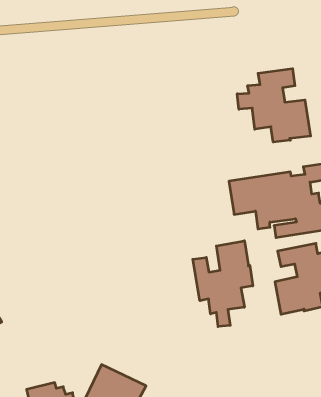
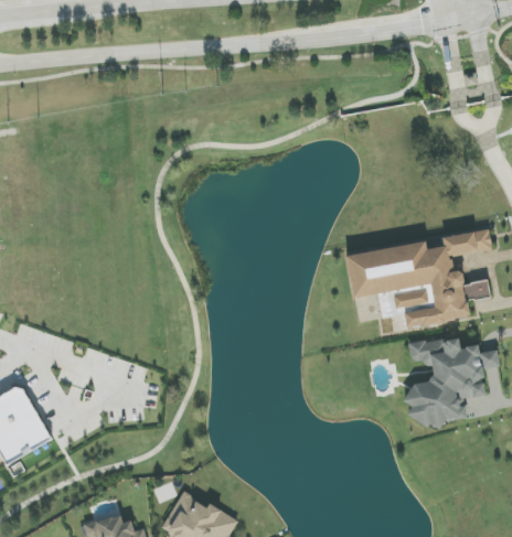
building: [237,69,311,142] -> none
building: [193,241,253,327] -> none

